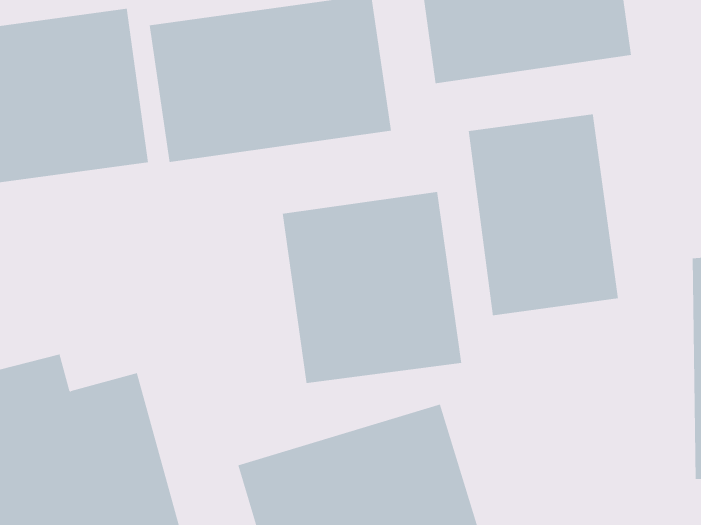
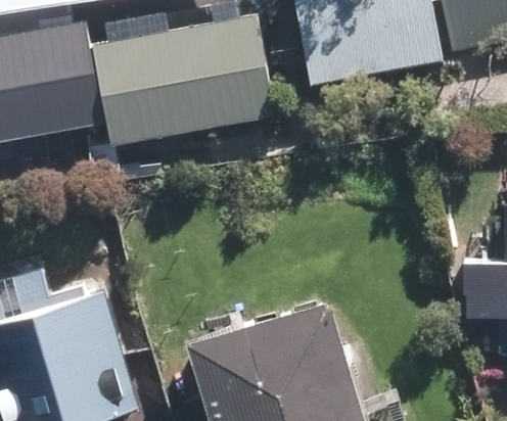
building: [468,114,619,316] -> none
building: [282,191,462,384] -> none

